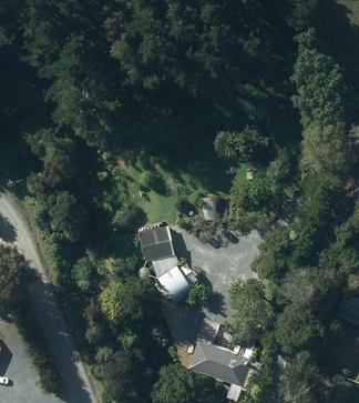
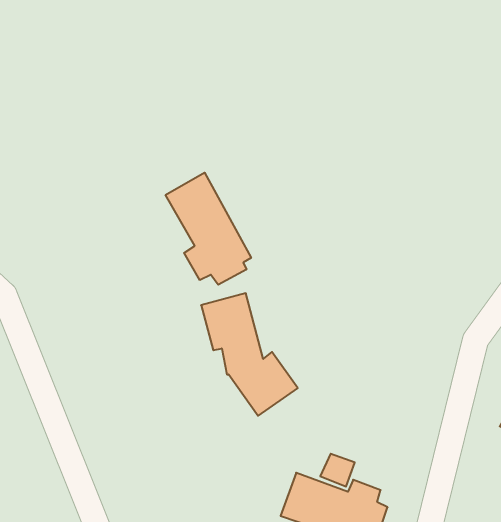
building: none -> [166,173,251,285]

